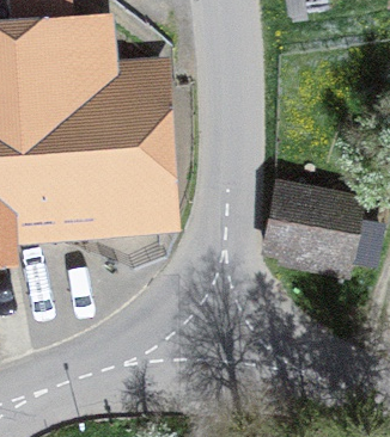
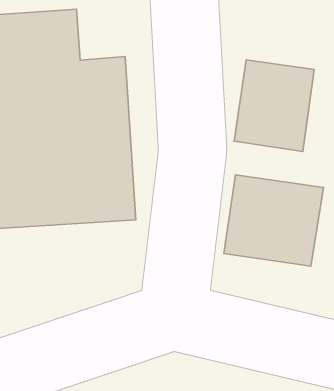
building: none -> [234,60,314,151]

